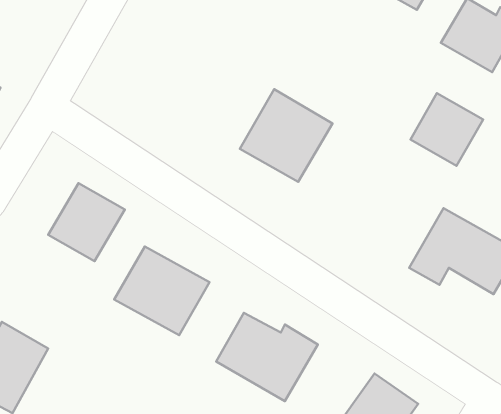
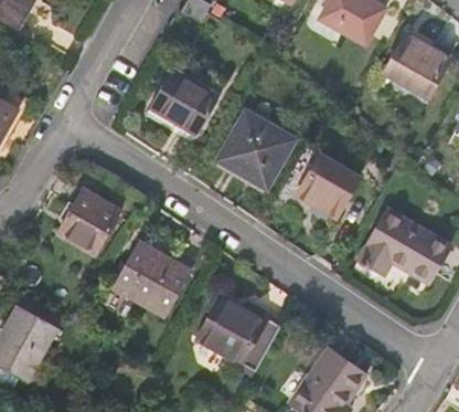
building: none -> [149,68,218,135]
building: [410,93,483,166] -> [297,156,357,216]

